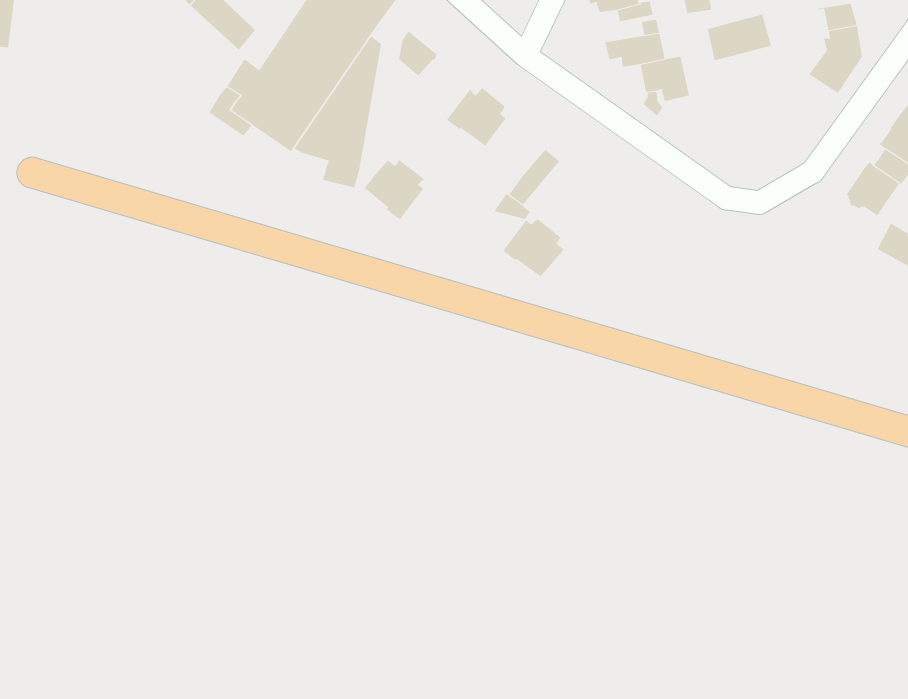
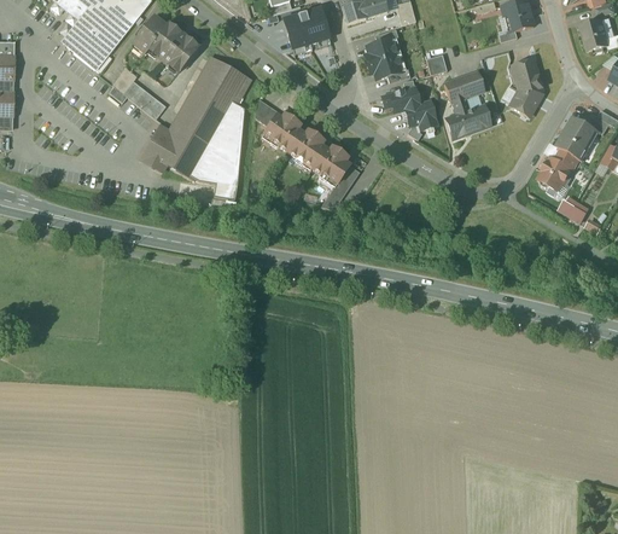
building: none -> [447,97,490,138]
building: [364,160,425,220] -> [263,114,301,151]
building: [502,218,565,277] -> [311,146,350,182]

